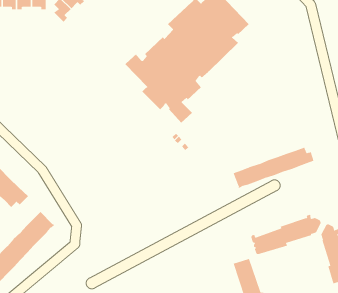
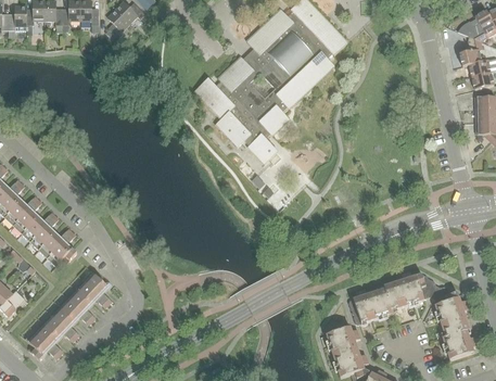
building: [233,147,314,189] -> none

